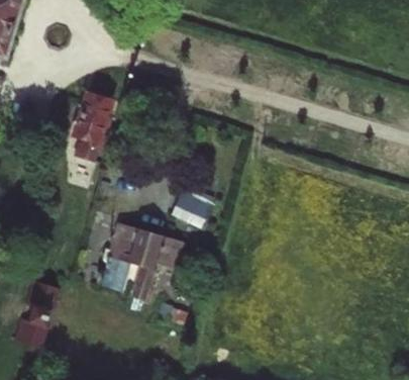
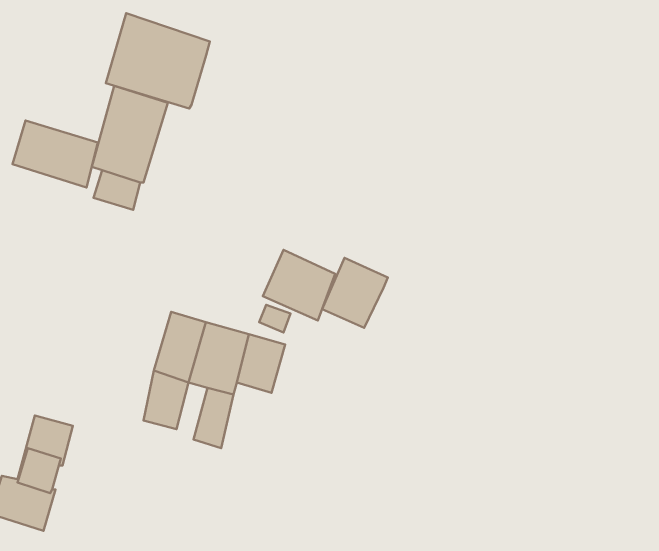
building: none -> [106,13,210,109]
building: none -> [12,120,98,187]
building: none -> [322,258,388,328]

